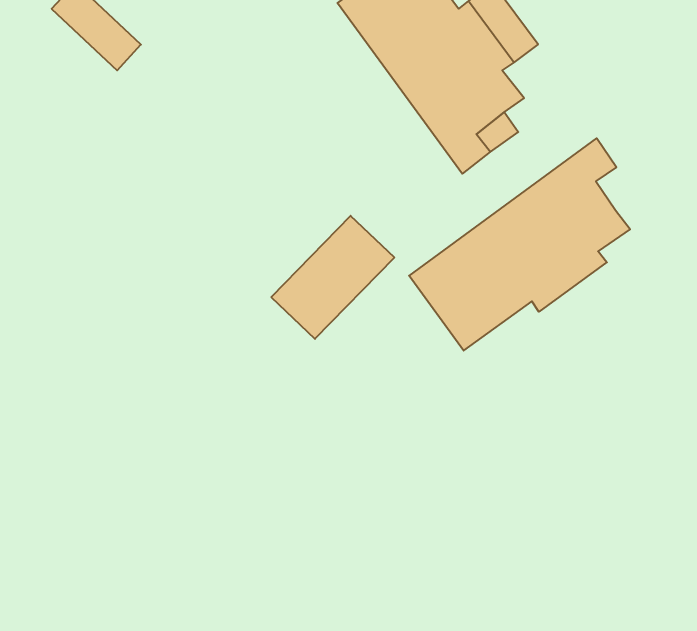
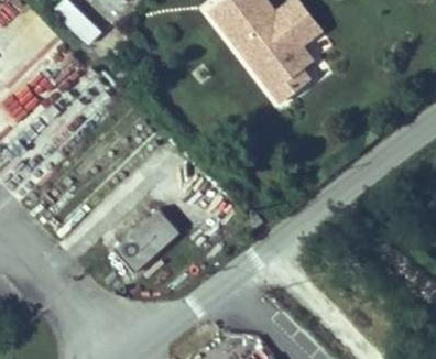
building: [409,138,630,351] -> none
building: [271,216,394,339] -> [111,209,179,278]

